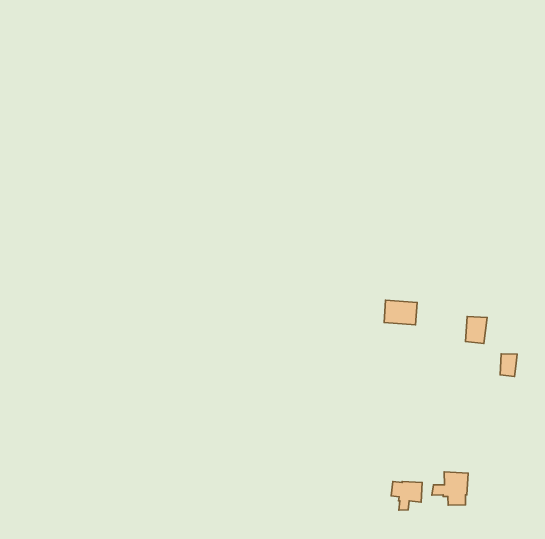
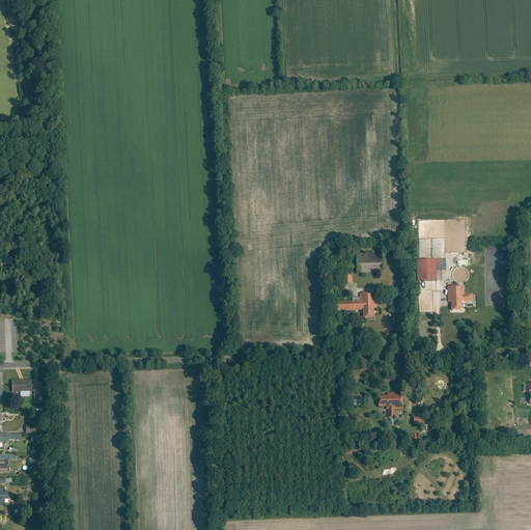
building: none -> [338,291,375,317]
building: [432,472,468,505] -> none

